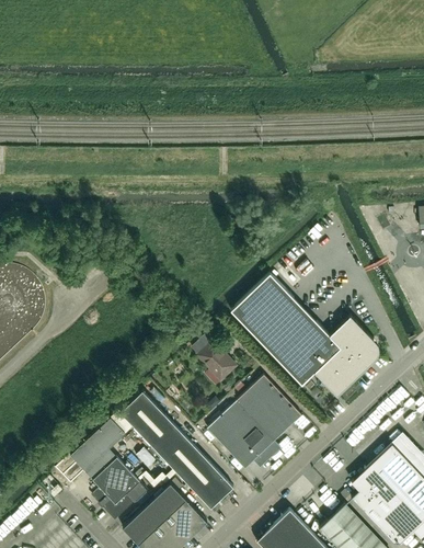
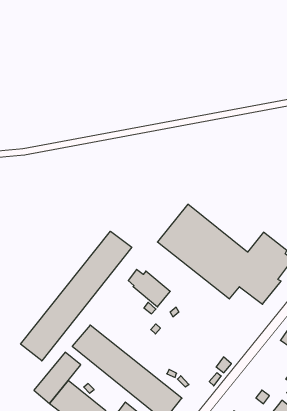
building: none -> [21,231,132,361]
building: [207,377,300,470] -> none

